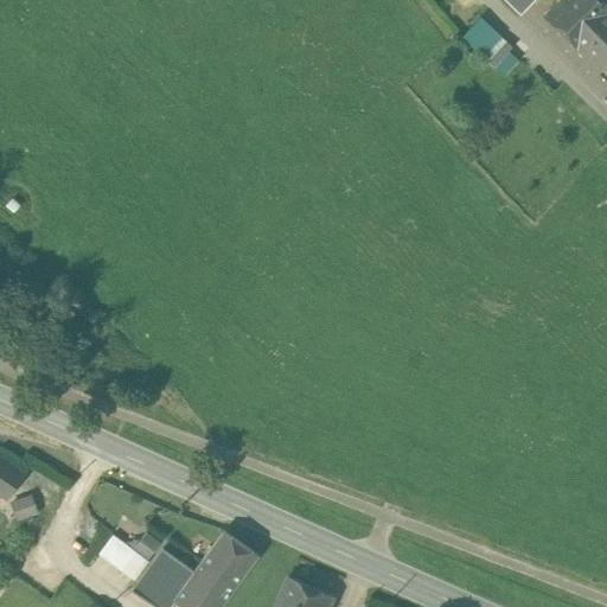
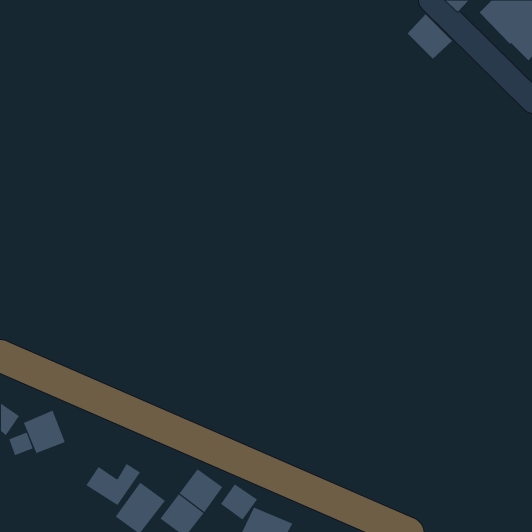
building: none -> [23,410,66,454]
building: none -> [220,483,258,520]

